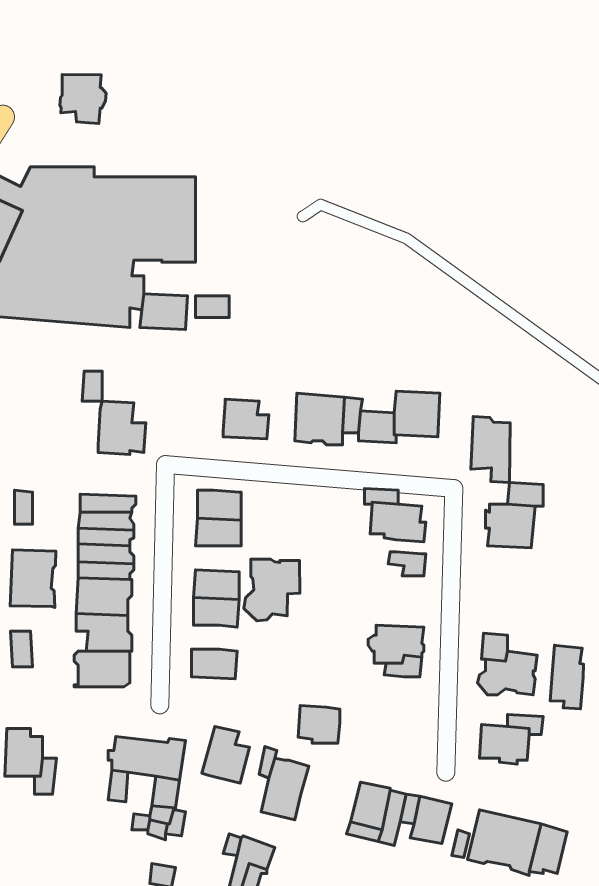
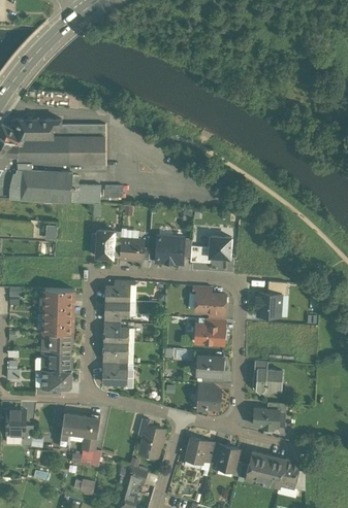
building: [60,74,106,123] -> none
building: [98,401,146,455] -> [95,230,120,258]
building: [471,417,510,482] -> none
building: [10,550,56,608] -> none
building: [244,559,300,621] -> none
building: none -> [194,325,223,344]
building: [550,645,583,709] -> none
building: [298,705,340,743] -> [197,388,219,408]
building: [202,726,250,783] -> none

